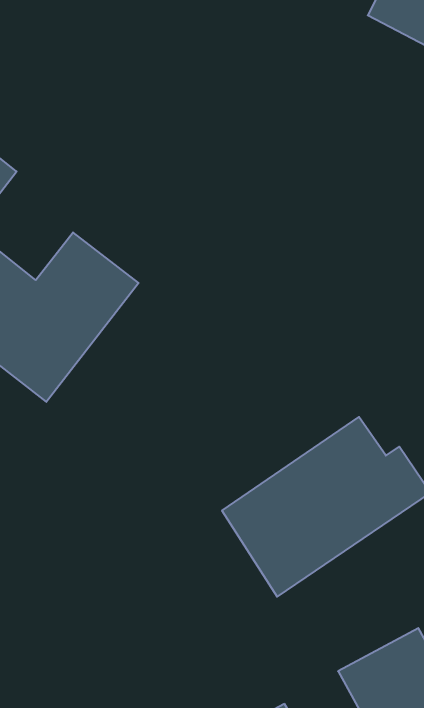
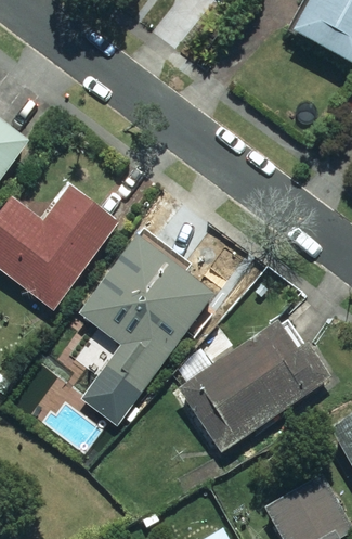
building: none -> [79,228,216,410]

